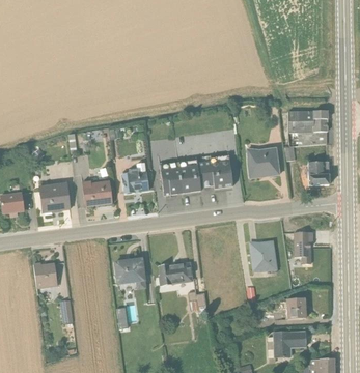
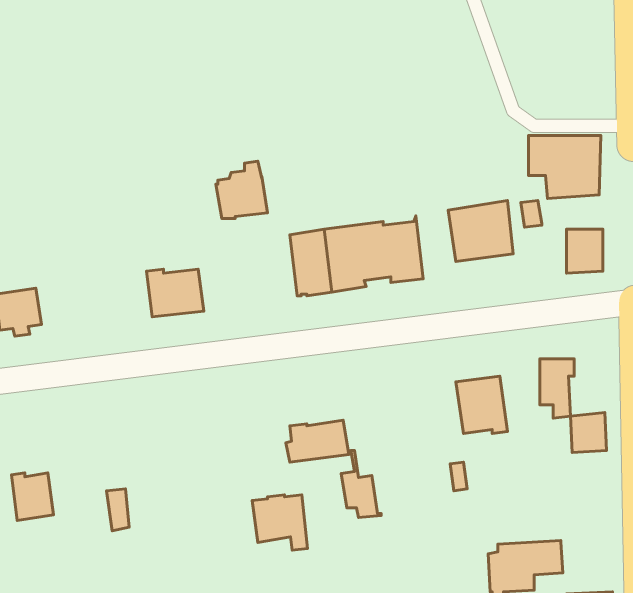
building: [121,163,149,194] -> [216,161,267,218]
building: [38,180,71,213] -> none
building: [115,259,145,289] -> [252,495,308,550]
building: [34,263,57,289] -> [11,473,53,521]
building: [287,295,307,317] -> [570,412,607,453]

